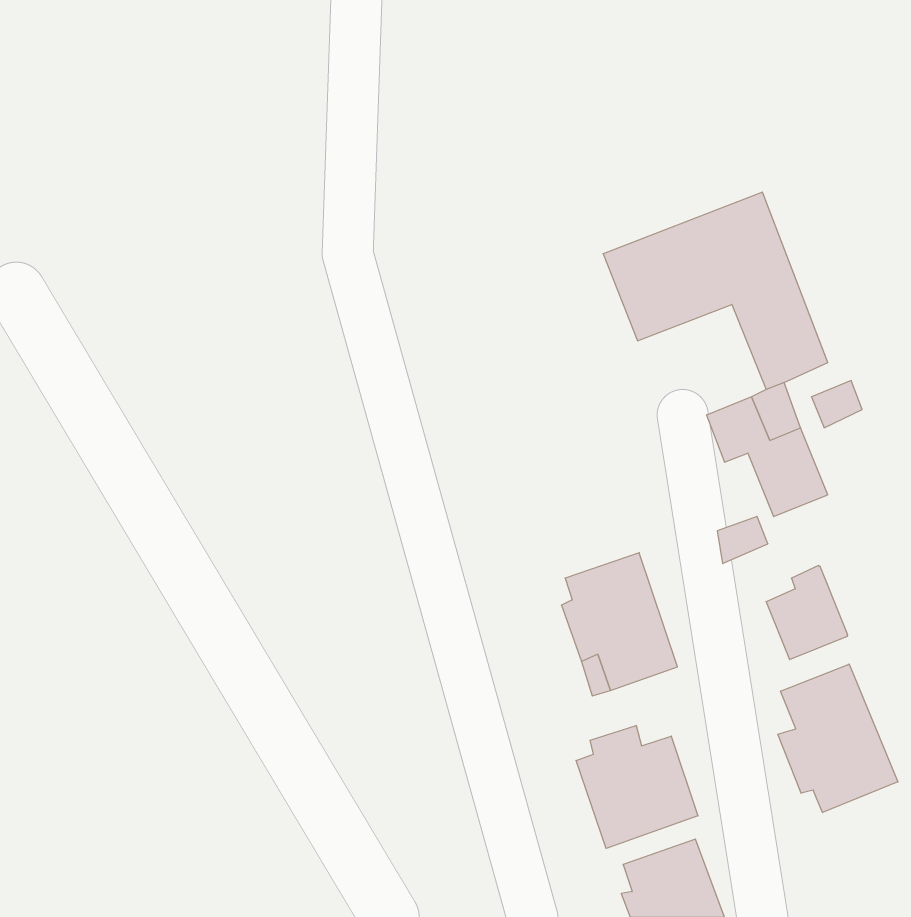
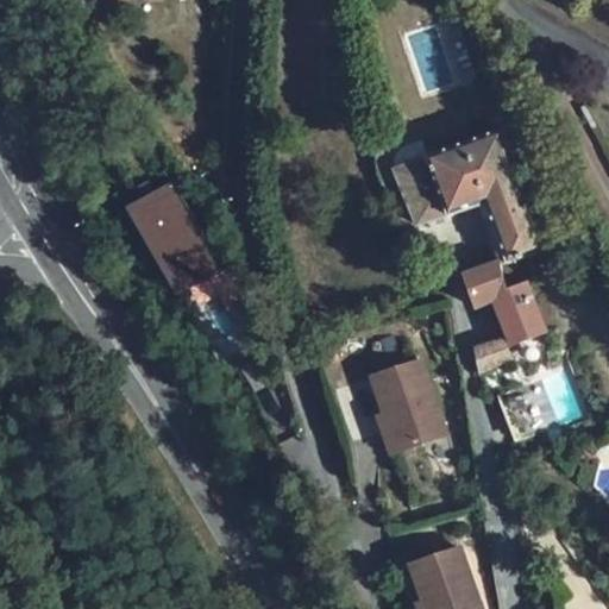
building: none -> [118,172,214,297]
building: [778,664,898,813] -> none
building: [576,725,698,848] -> none

